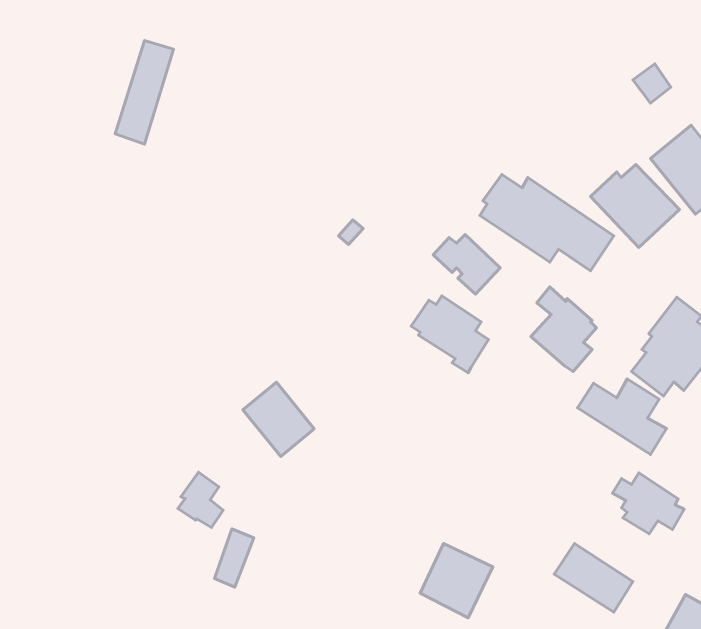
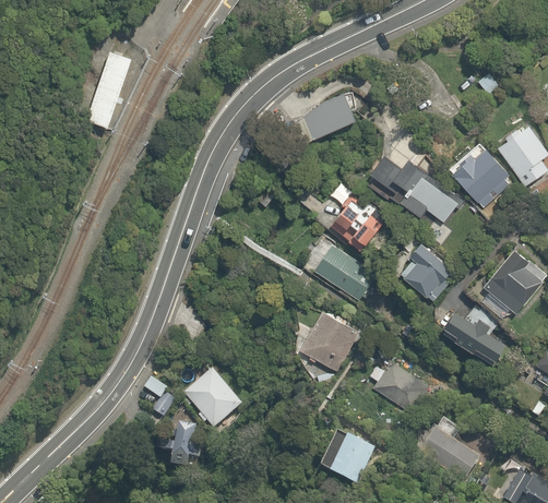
building: none -> [301,93,352,134]
building: [243,382,314,457] -> [187,371,240,427]
building: none -> [301,312,360,372]
building: [613,473,684,534] -> [370,360,424,406]

